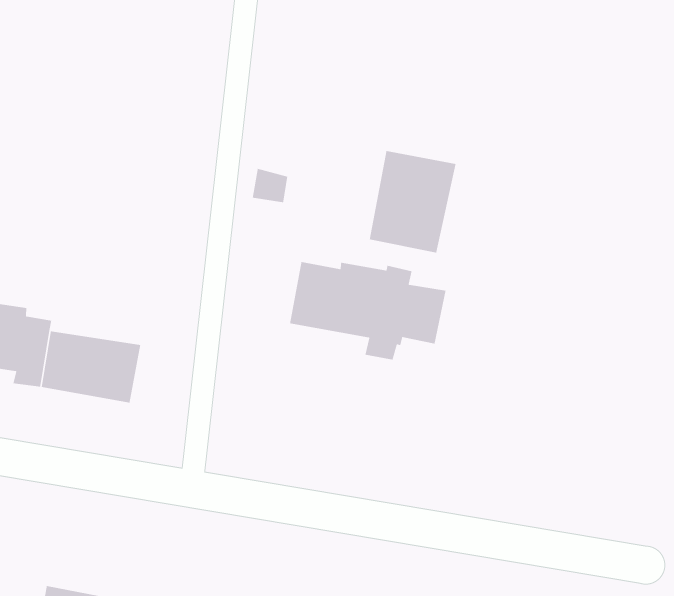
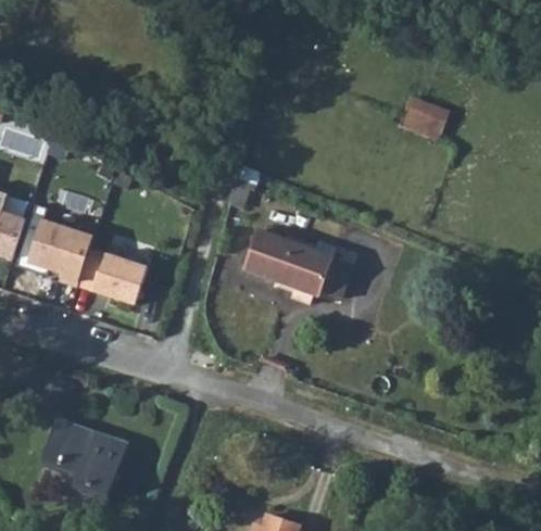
building: none -> [401,96,445,137]
building: [369,150,456,254] -> none

